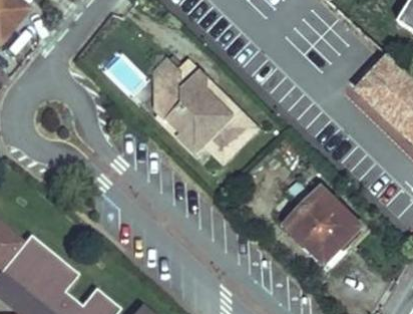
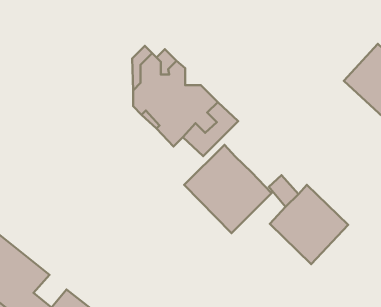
building: none -> [184,145,272,233]

